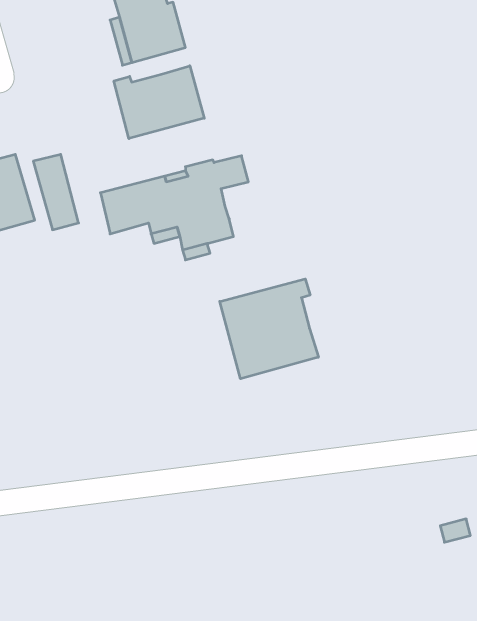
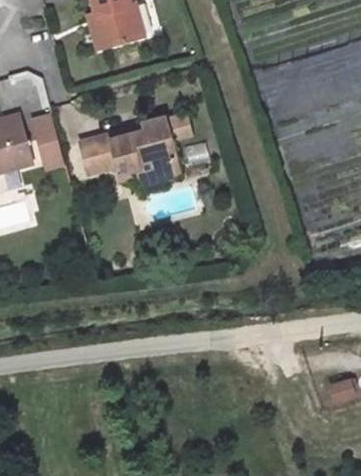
building: [114,66,204,139] -> none
building: [220,279,318,379] -> none

